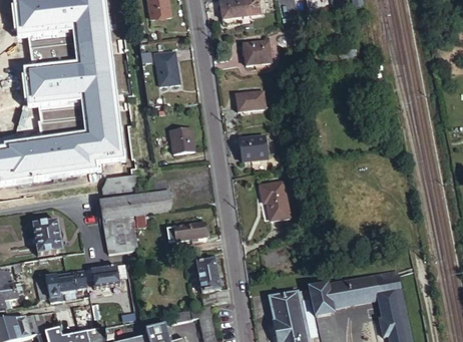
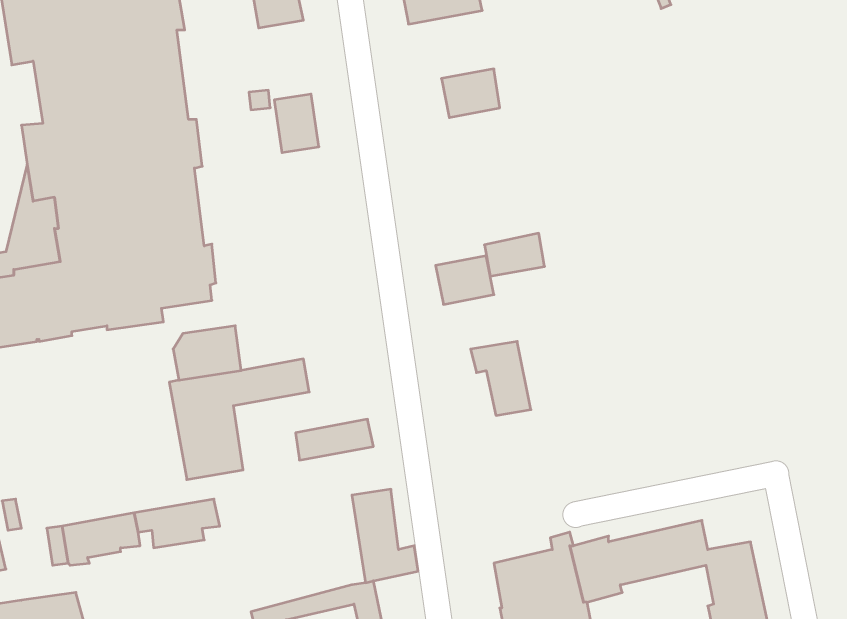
building: [236,86,267,108] -> [484,233,545,276]
building: [173,123,196,151] -> none
building: [34,220,64,254] -> none

